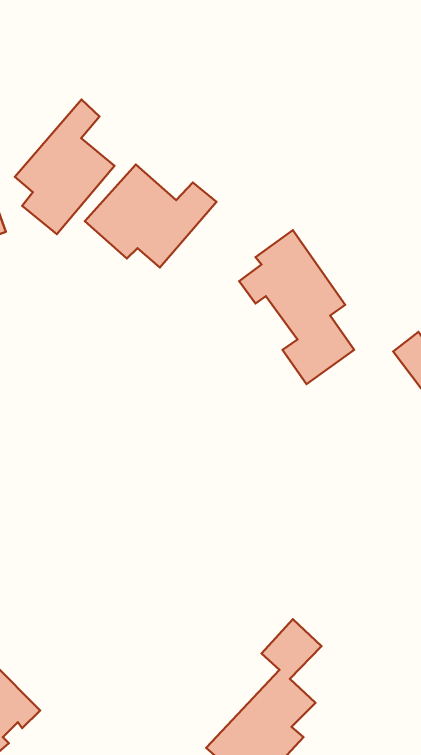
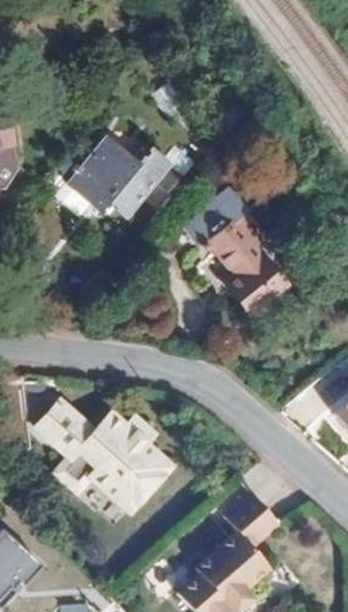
building: [15,99,114,234] -> none
building: none -> [28,403,158,513]

